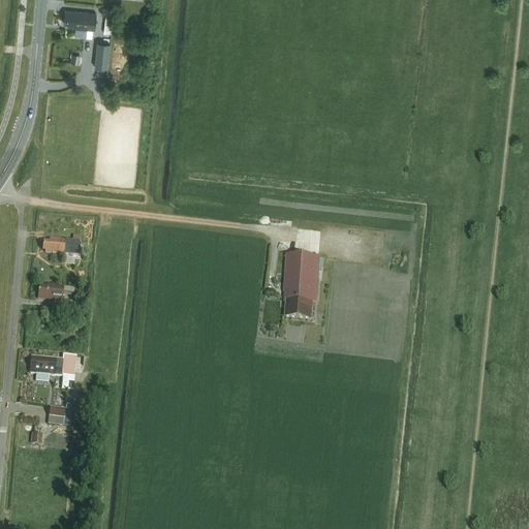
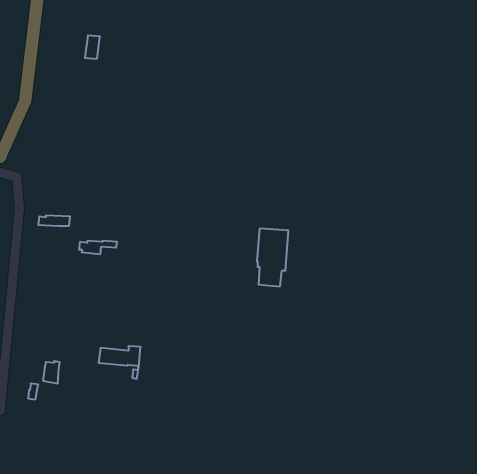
building: [64,8,96,26] -> none
building: [38,285,81,300] -> [79,241,117,254]
building: [30,353,76,390] -> [99,346,141,379]

